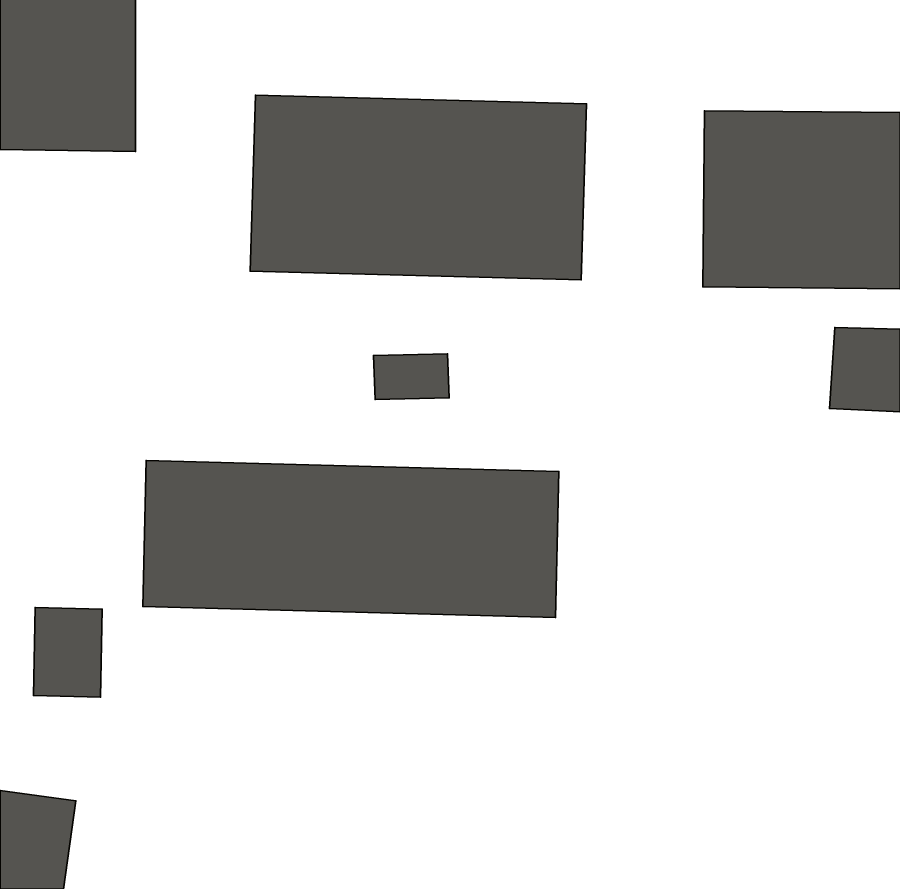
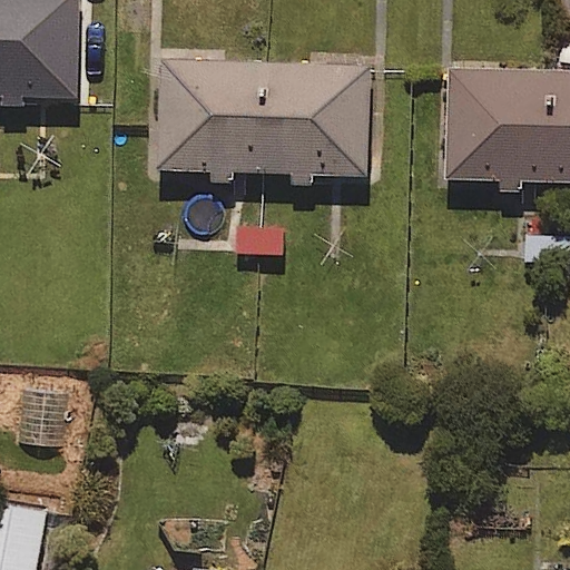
building: [143,460,559,617] -> none

